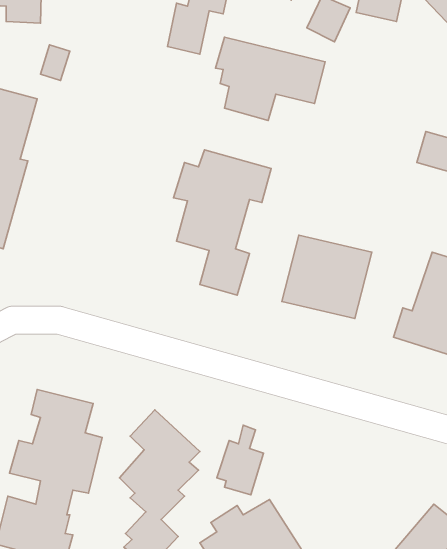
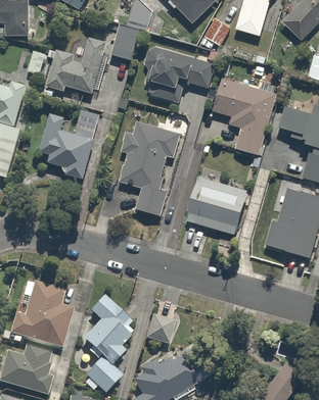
building: none -> [48,39,104,93]
building: none -> [214,82,277,155]
building: none -> [39,106,102,180]

